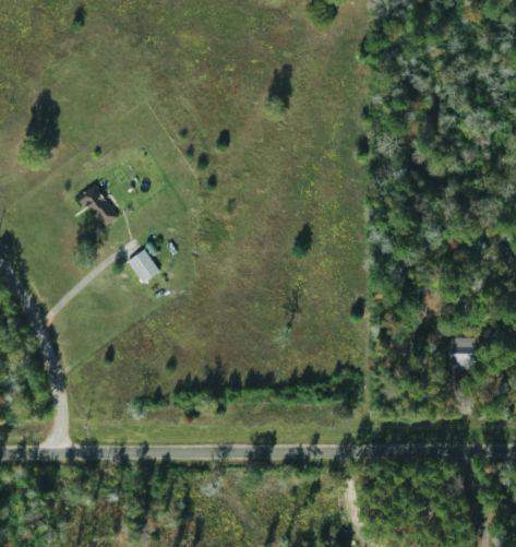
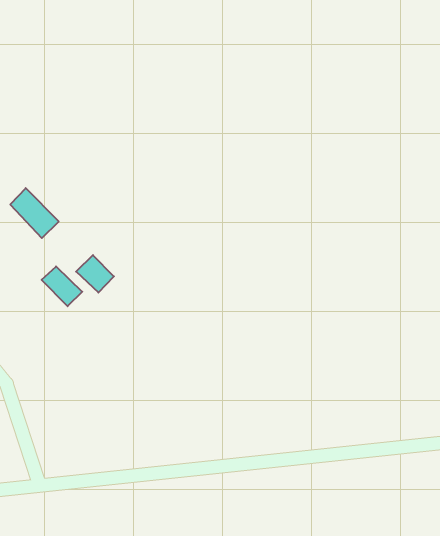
building: none -> [42,266,82,306]

